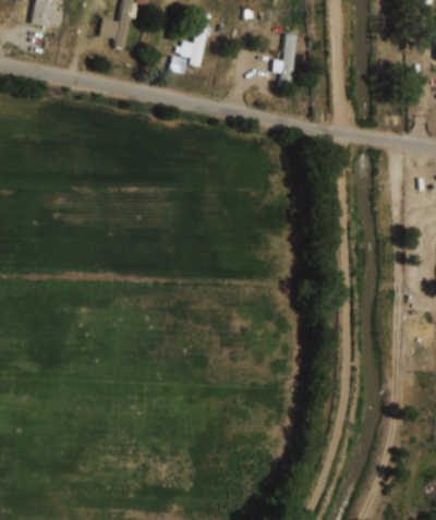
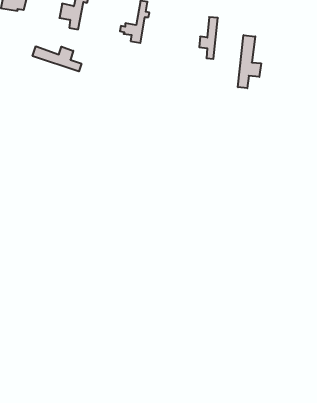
building: none -> [238,35,261,88]
building: none -> [33,46,81,71]

